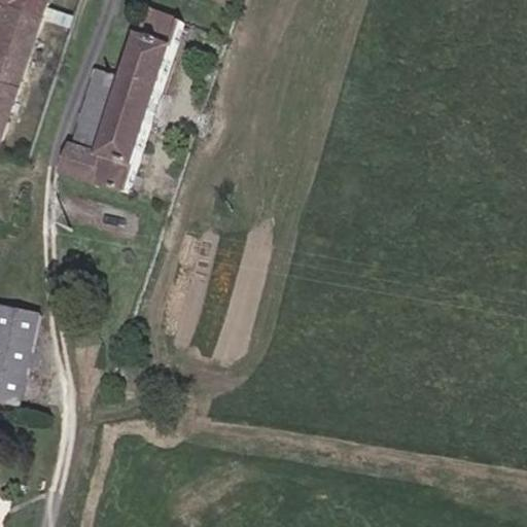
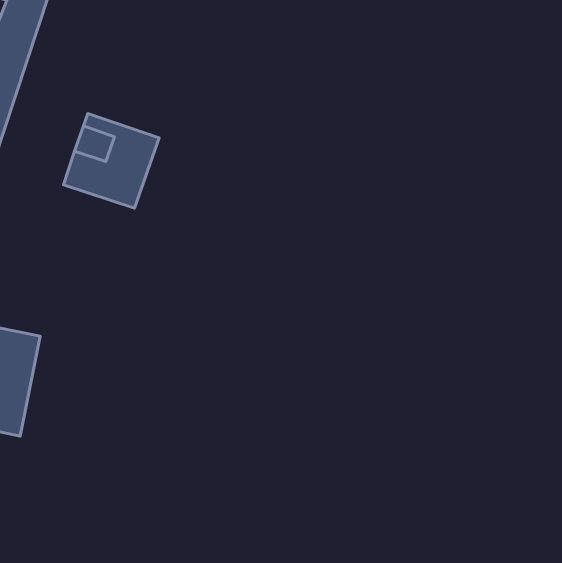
building: [81,7,182,128] -> none

